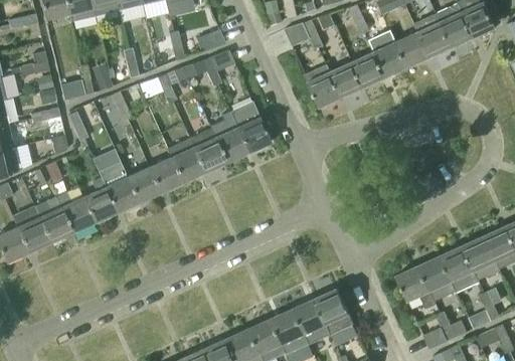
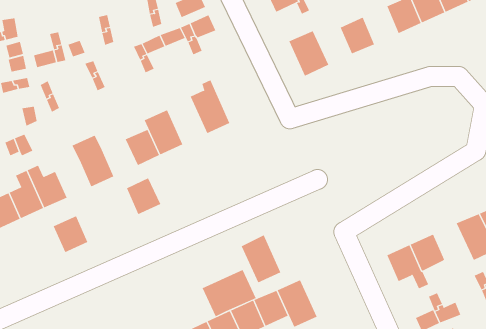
building: [373,41,406,77] -> none
building: [326,61,362,97] -> none
building: [229,101,270,152] -> none
building: [187,127,225,172] -> none
building: [127,167,160,202] -> [126,178,161,215]
building: [82,187,116,222] -> [53,216,88,253]
building: [440,246,478,293] -> none
building: [314,289,352,335] -> [241,234,281,283]
building: none -> [202,269,256,317]

